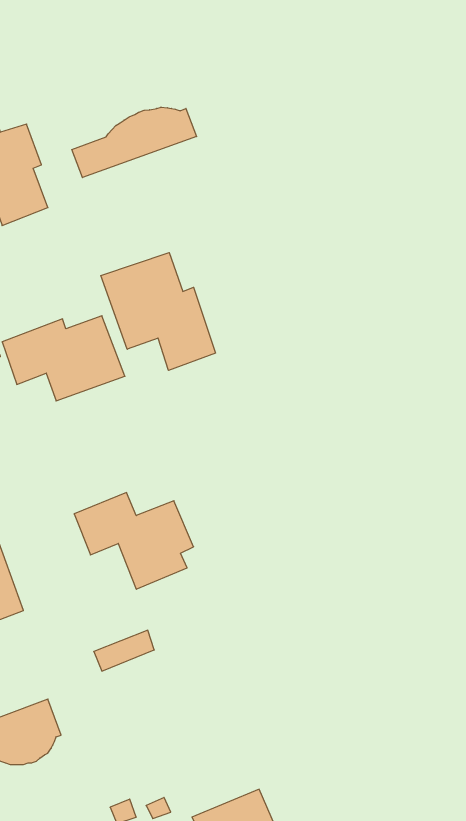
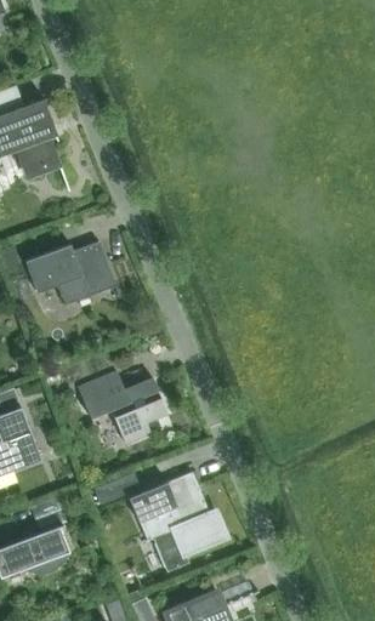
building: [72,107,197,178] -> none
building: [101,253,216,370] -> none
building: none -> [130,472,226,571]

